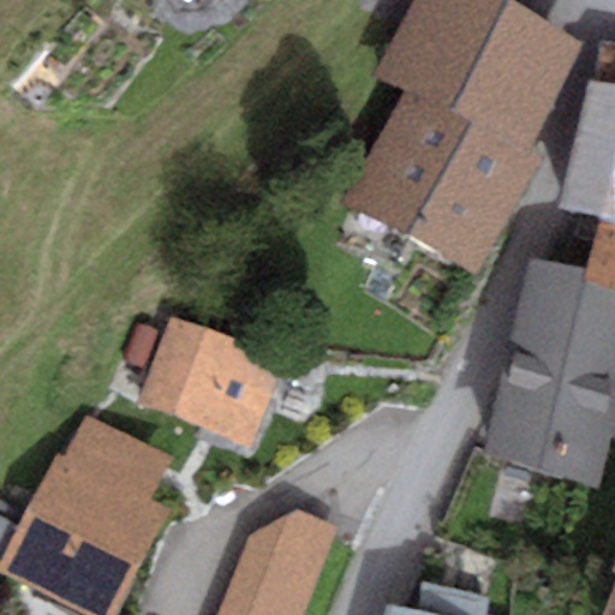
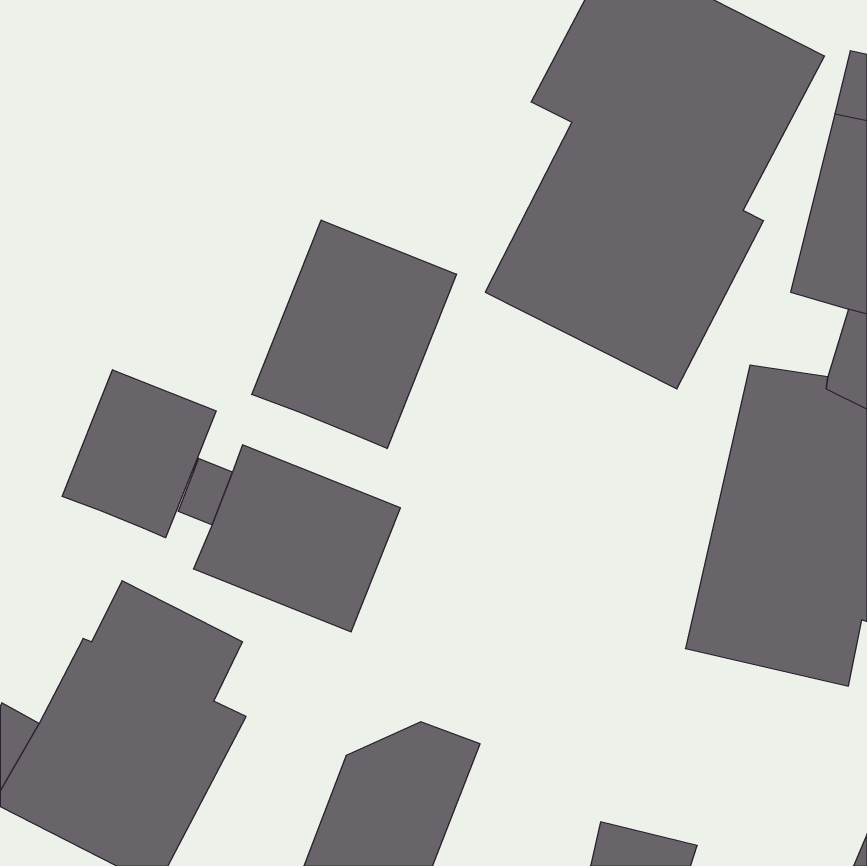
building: none -> [252,220,457,449]
building: none -> [62,370,216,538]

